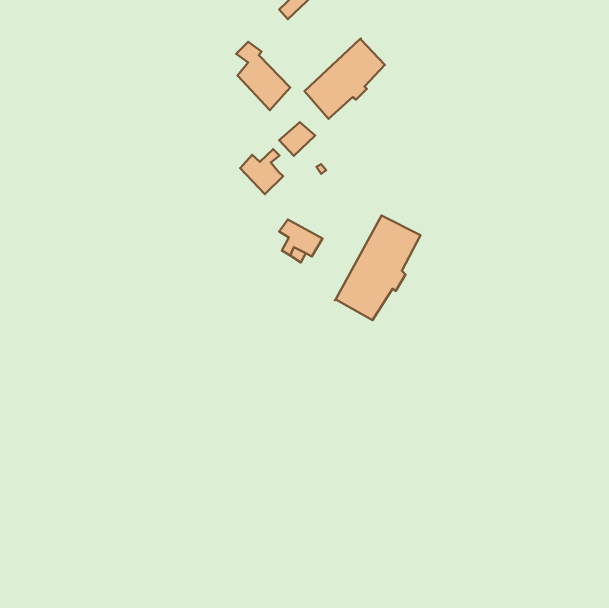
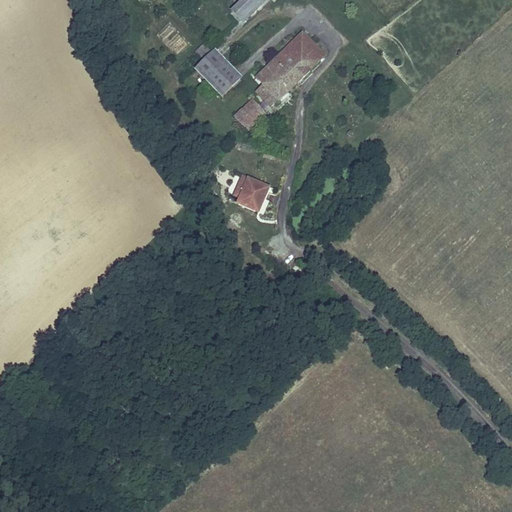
building: [240,149,283,194] -> none
building: [335,216,421,320] -> none

